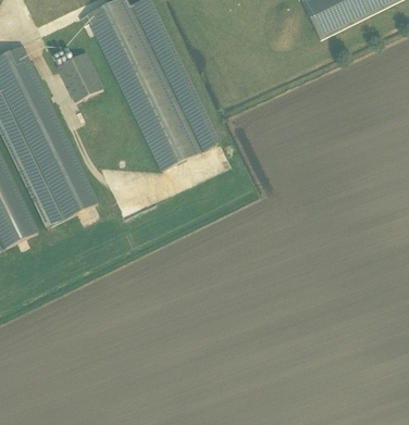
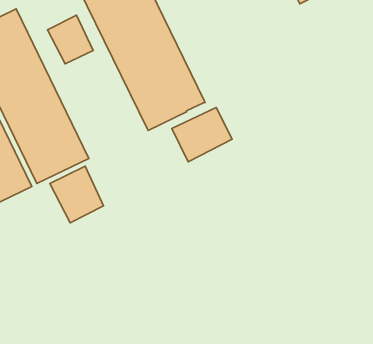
building: none -> [172,107,232,162]
building: none -> [50,166,104,223]

